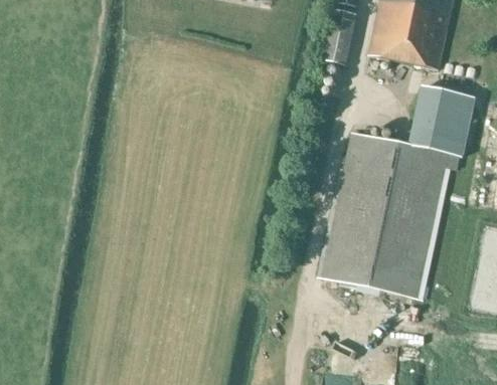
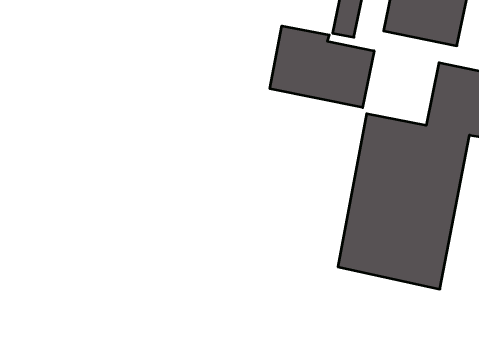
building: none -> [270,26,374,108]

